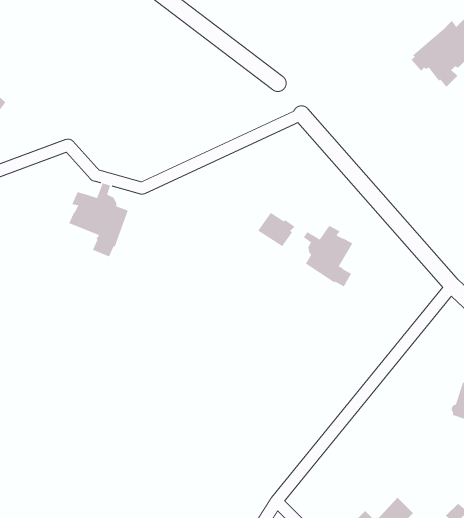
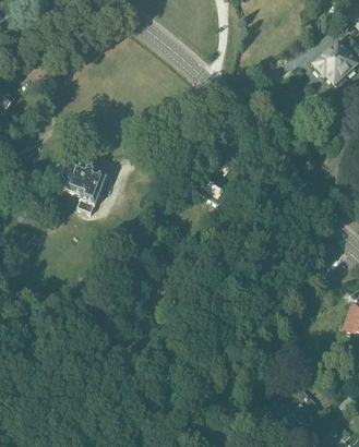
building: [303,225,353,287] -> none

